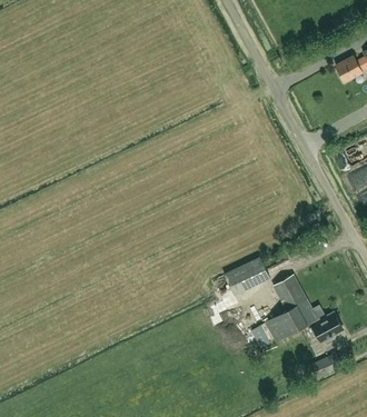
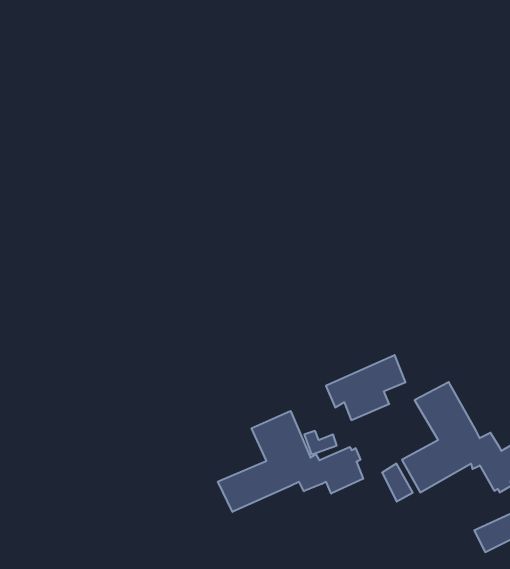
building: none -> [218,411,363,512]

